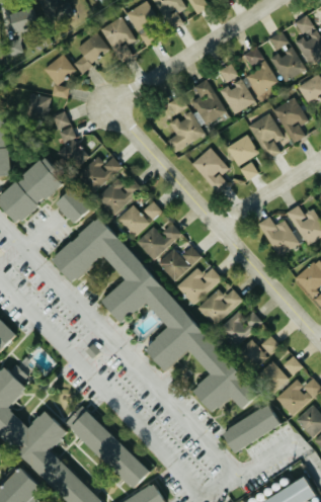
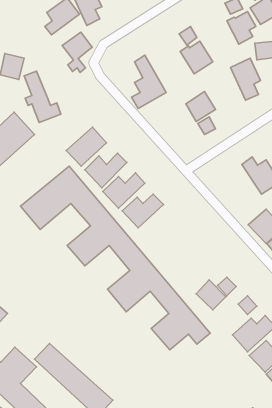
building: [243,47,282,99] -> none
building: [44,54,76,97] -> [62,32,92,72]
building: [192,78,229,127] -> none
building: [249,112,285,159] -> none
building: [191,147,230,191] -> none
building: [78,156,123,192] -> none
building: [53,187,87,223] -> none
building: [260,217,300,256] -> none
building: [176,267,223,306] -> none
building: [198,288,244,326] -> none
building: [221,311,263,346] -> none
building: [257,360,291,394] -> none
building: [220,406,278,450] -> none

